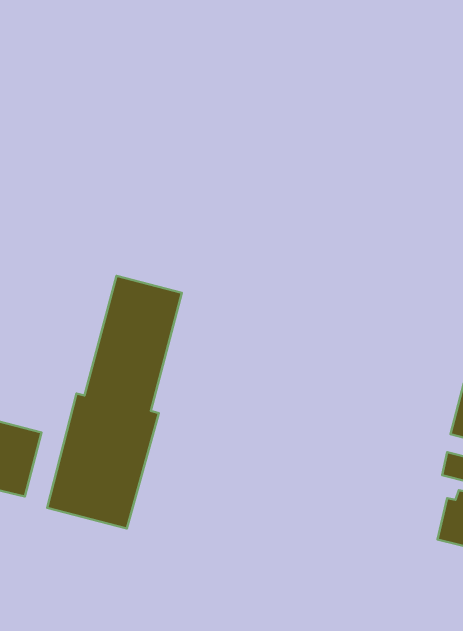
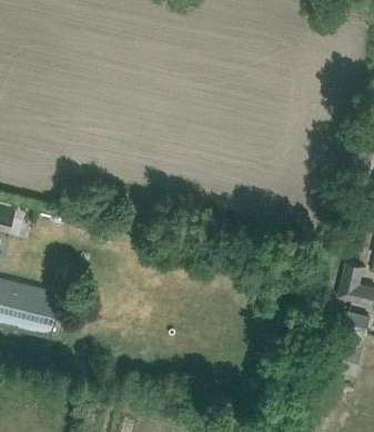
building: [47,276,182,528] -> none

